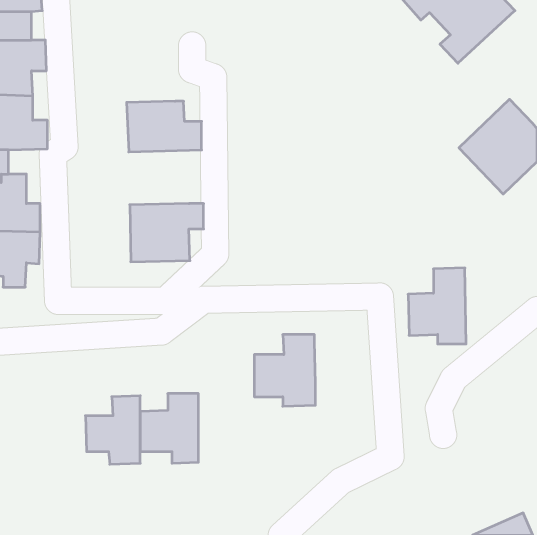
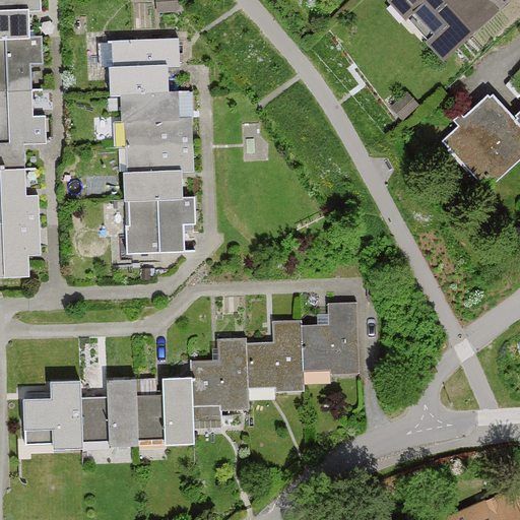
building: none -> [99,38,178,99]
building: none -> [124,144,195,197]
building: [408,268,466,344] -> [303,304,359,377]
building: none -> [191,341,246,413]
building: none -> [24,384,83,448]

